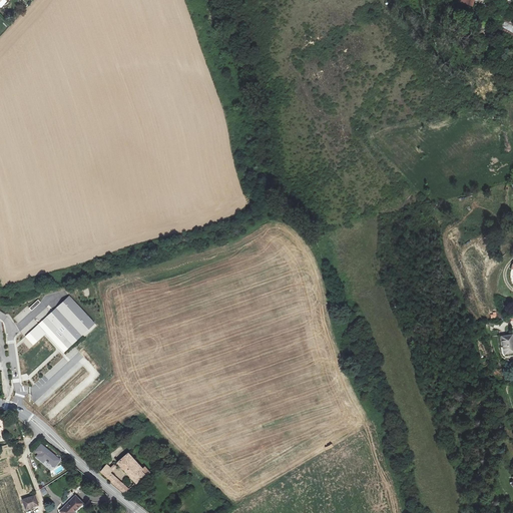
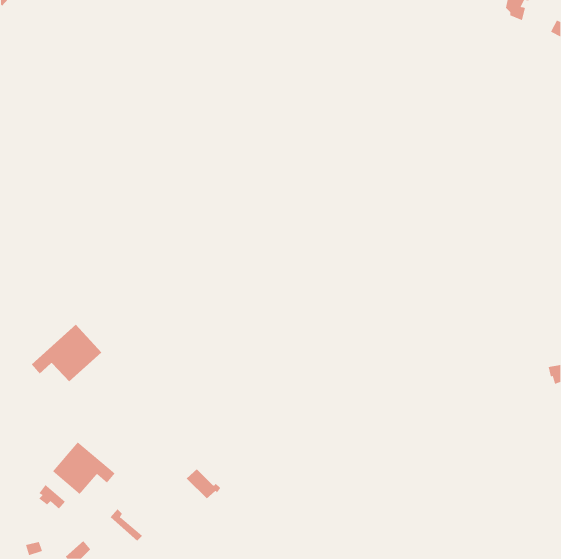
building: none -> [52,441,116,495]
building: [118,454,150,482] -> [186,469,221,499]

